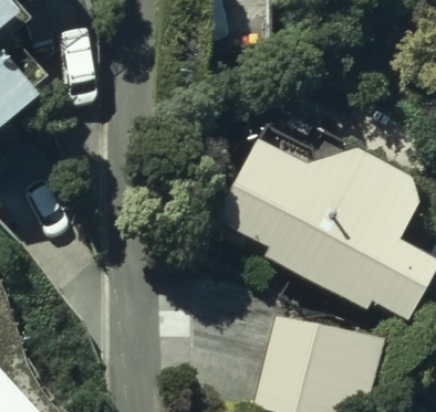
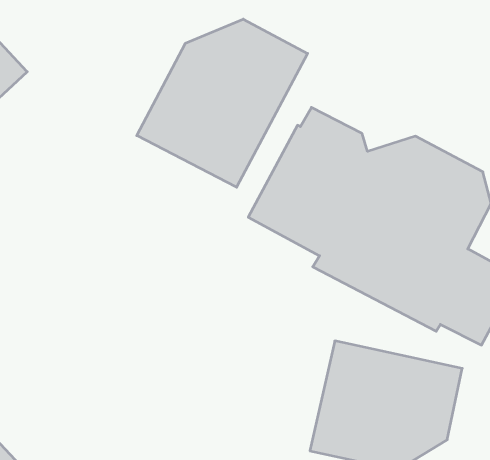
building: none -> [137,19,308,187]

